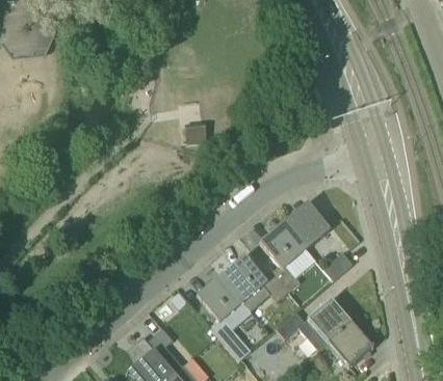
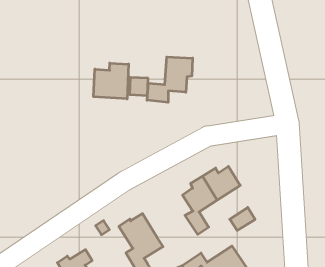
building: none -> [147,57,193,102]
building: none -> [94,63,129,99]
building: [223,262,289,302] -> none

